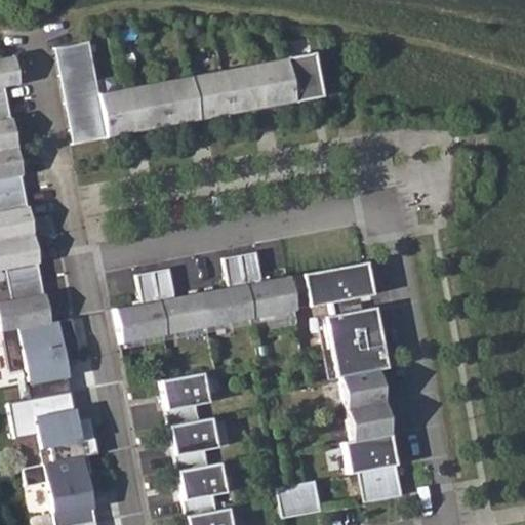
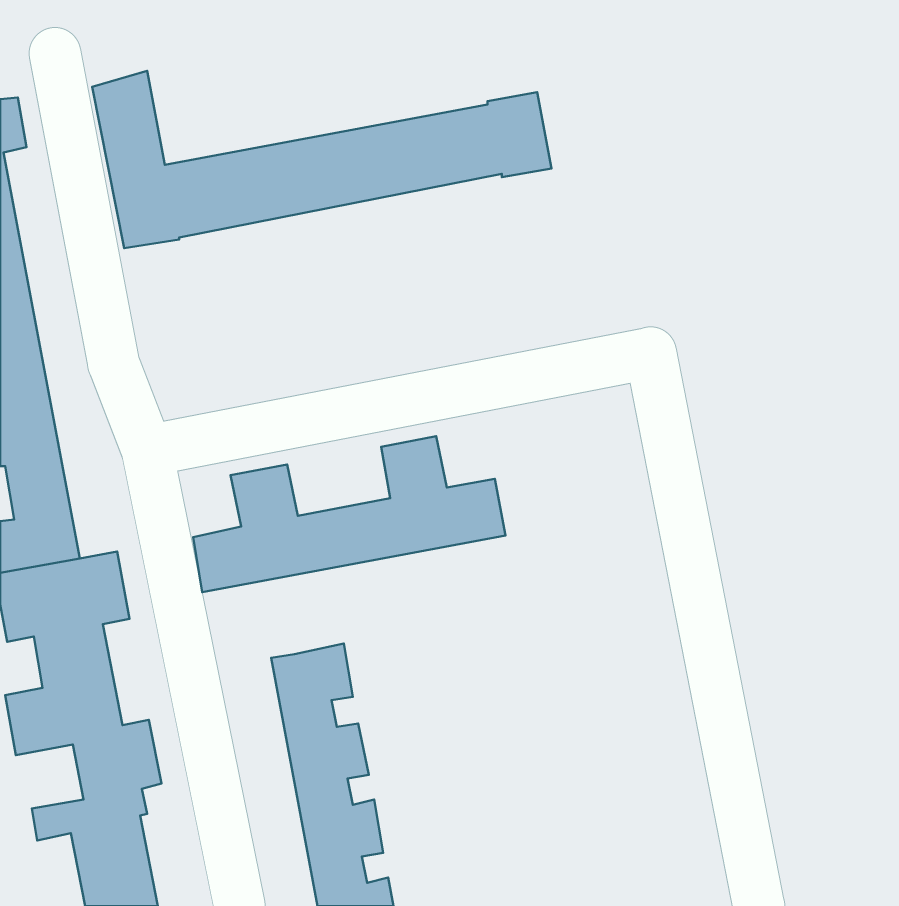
building: [290,262,373,310] -> none
building: [325,308,402,503] -> none
building: [277,481,321,519] -> none

